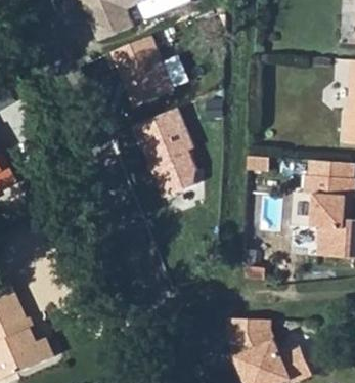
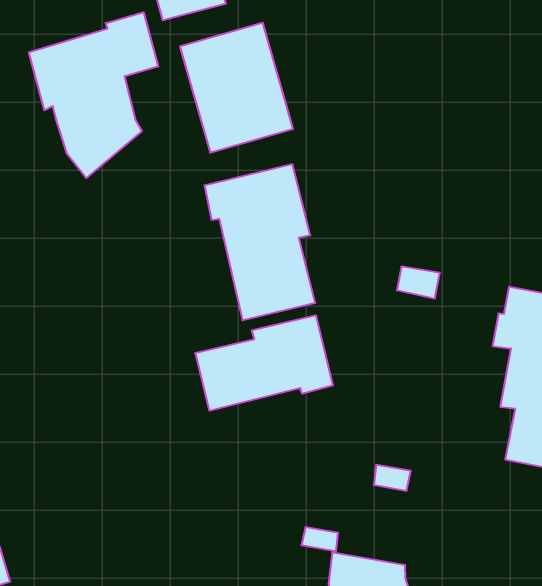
building: none -> [29,12,158,178]
building: none -> [195,315,333,411]

